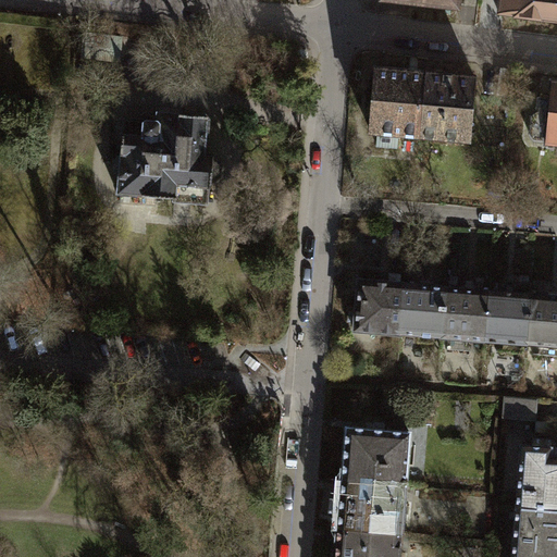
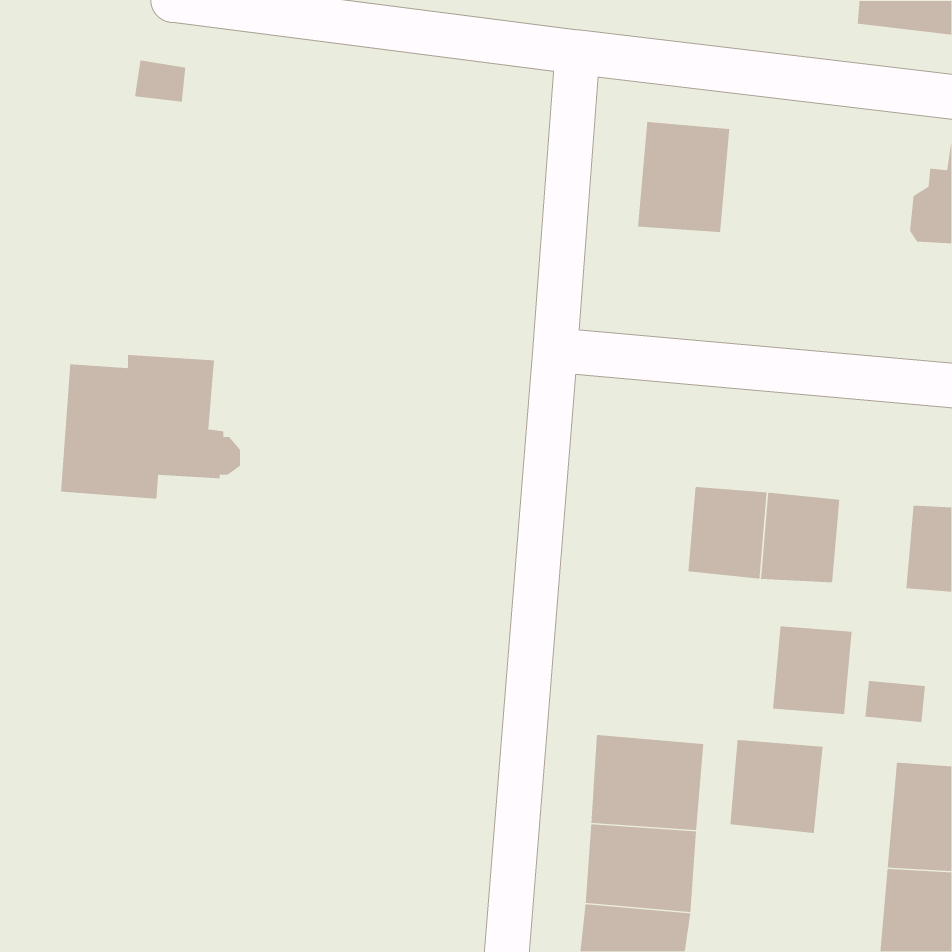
building: [421,75,475,141] -> none
building: [119,113,224,198] -> [60,354,241,500]
building: [356,280,406,334] -> none
building: [486,292,533,344] -> [772,625,852,715]
building: none -> [729,739,823,834]

